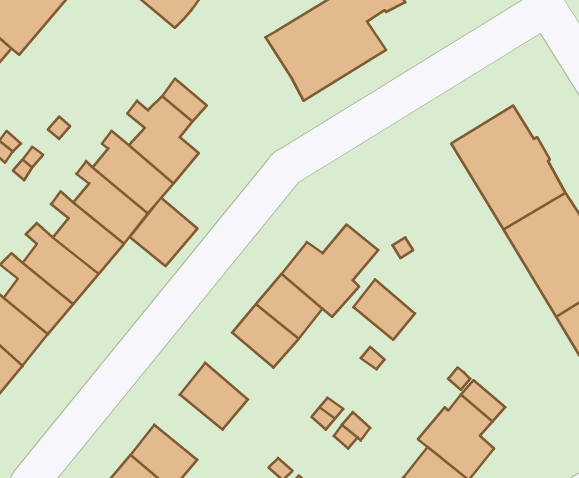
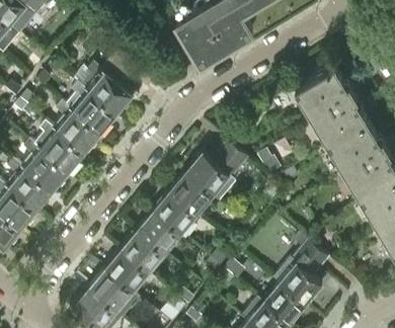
building: [130,198,197,266] -> none
building: [353,279,415,340] -> none
building: none -> [136,213,179,255]
building: none -> [103,252,147,294]

